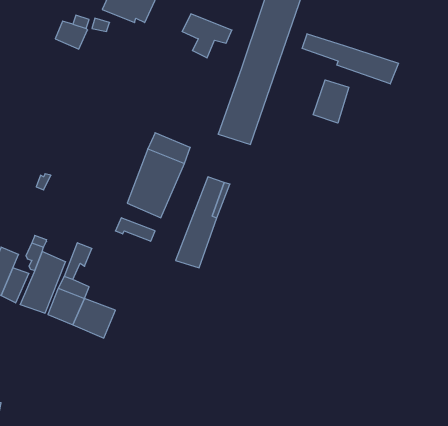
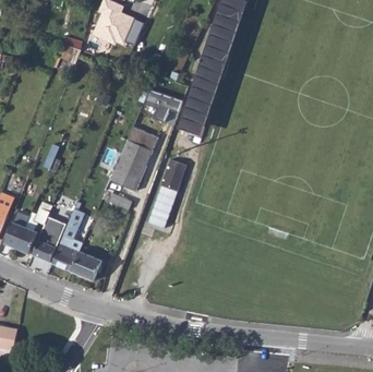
building: [182,14,232,58] -> [144,89,181,122]
building: [302,34,398,84] -> none
building: [313,80,349,123] -> none

